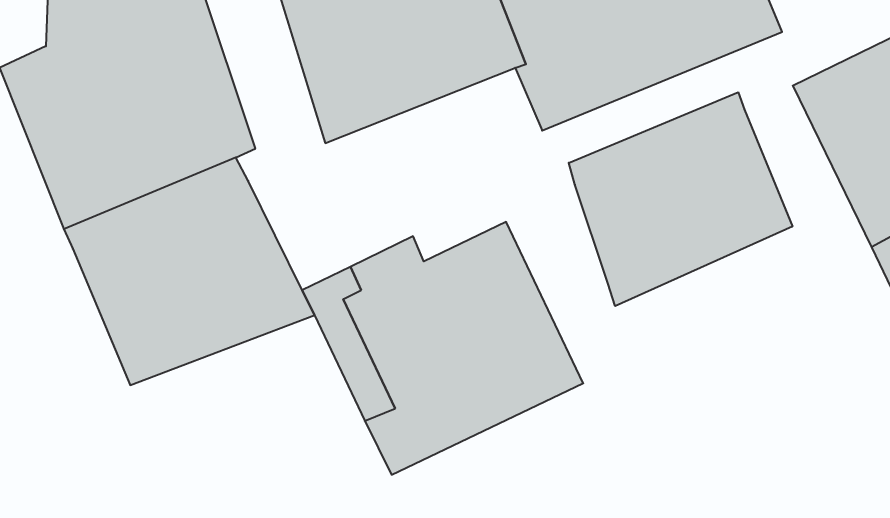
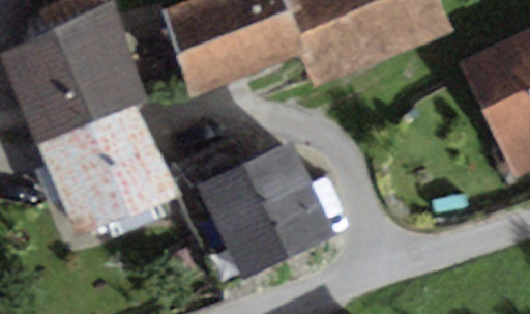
building: [569,92,792,306] -> none

